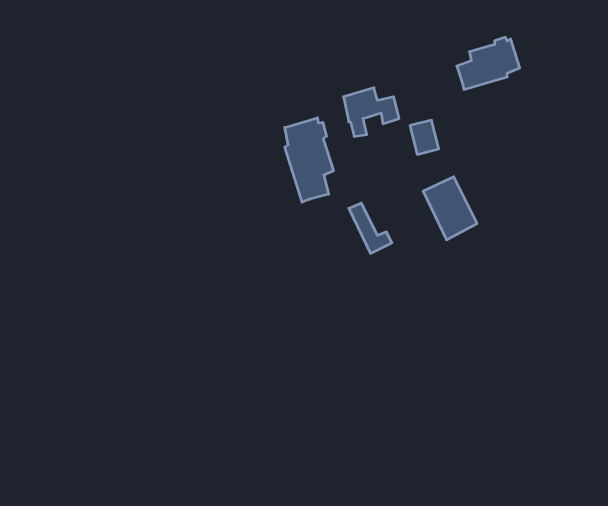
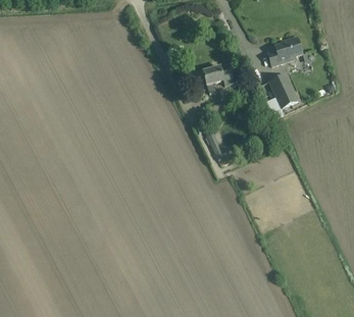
building: [285,118,333,202] -> none
building: [423,177,477,240] -> [267,72,298,108]

